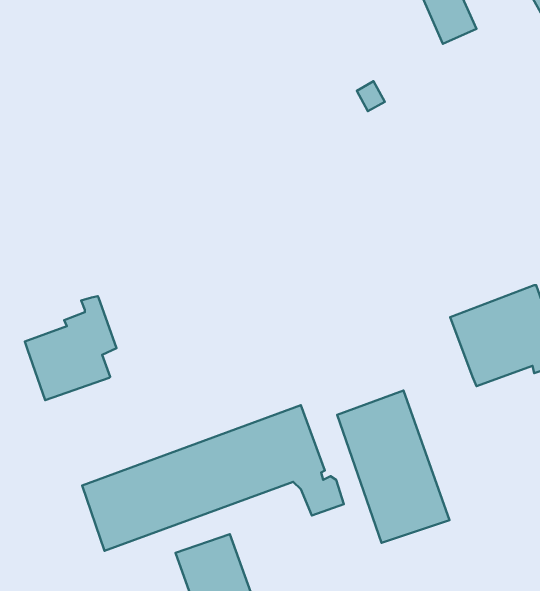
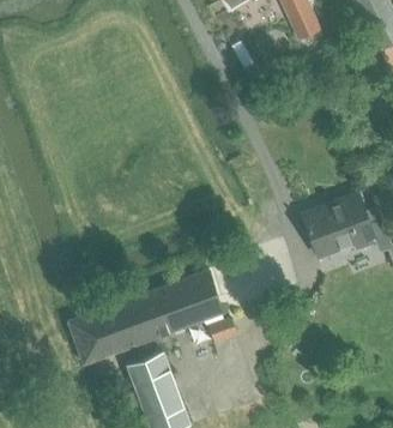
building: [25,296,117,400] -> none
building: [337,391,449,543] -> none

